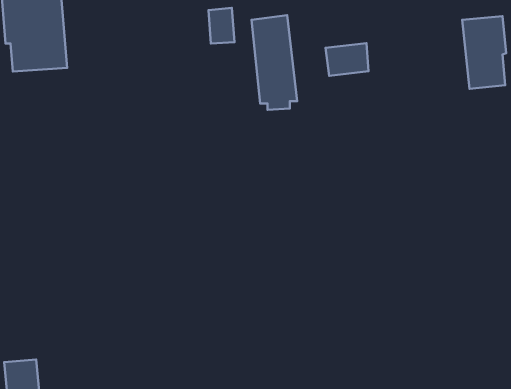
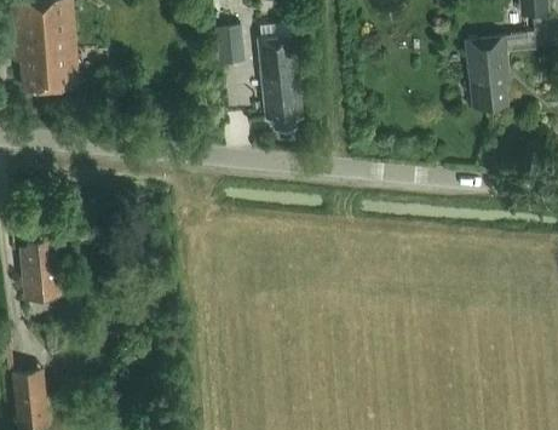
building: [325,43,369,76] -> none
building: none -> [18,241,58,300]

